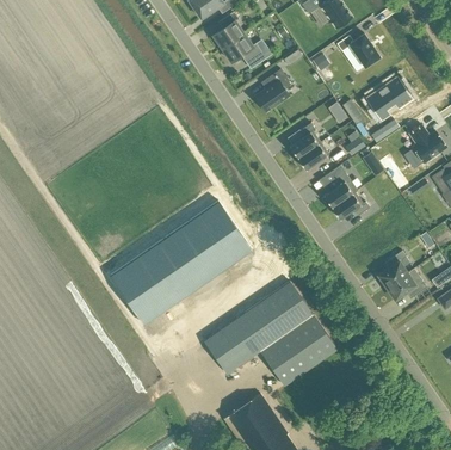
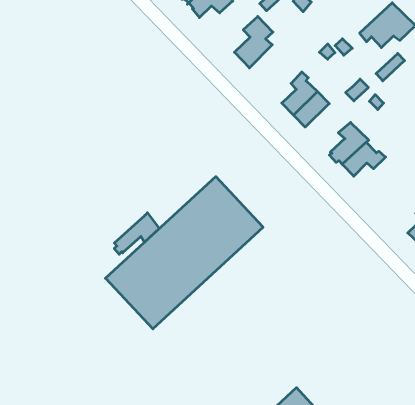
building: none -> [114,213,159,254]
building: [203,283,336,387] -> none

